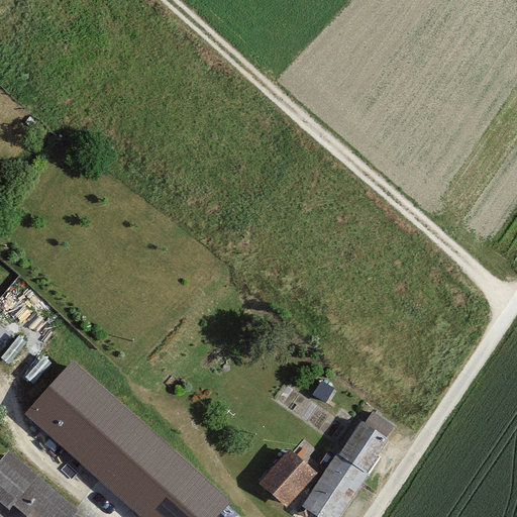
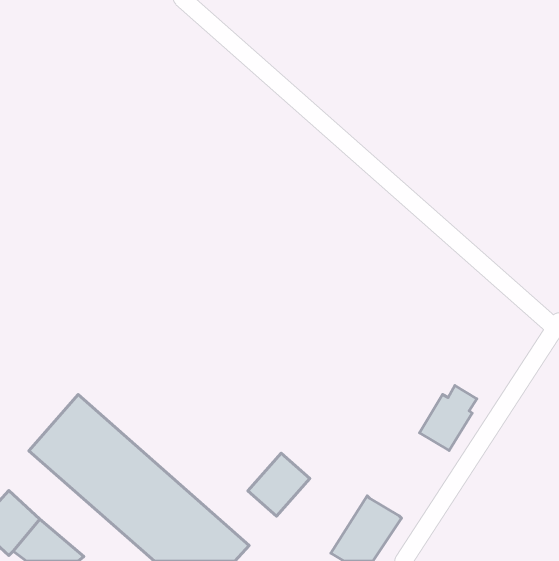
building: [338,413,391,473] -> [419,386,477,451]
building: [258,450,315,508] -> [248,453,310,516]

